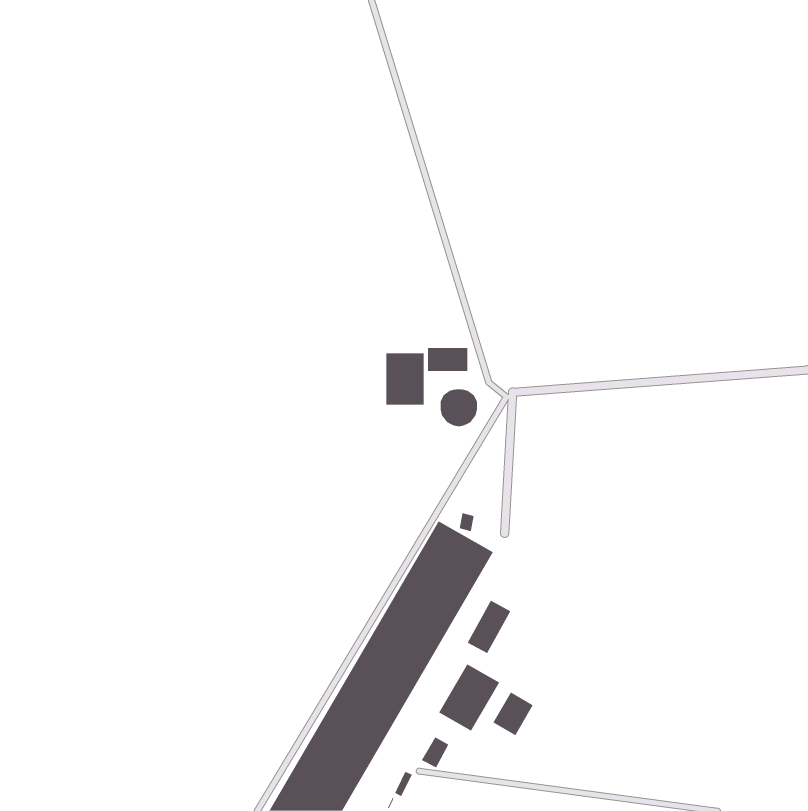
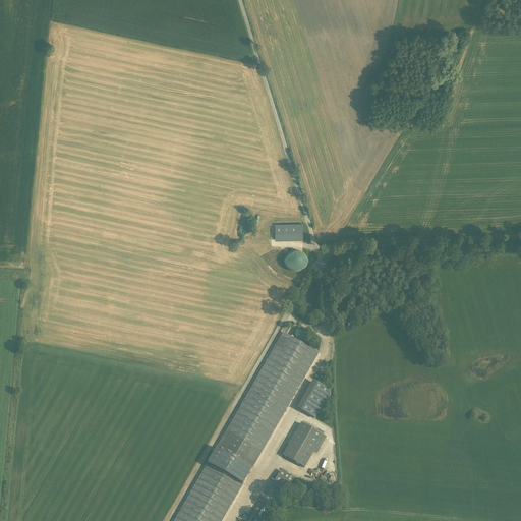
building: [386,352,424,405] -> none
building: [493,692,534,736] -> none

